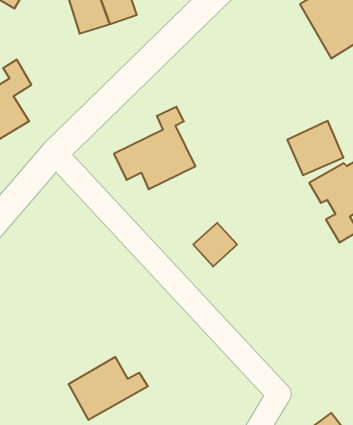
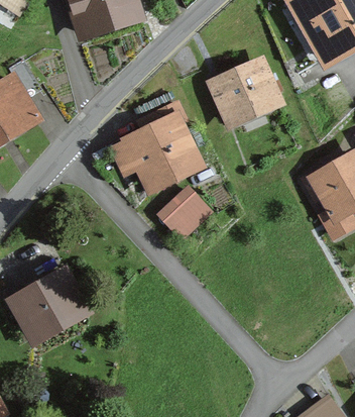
building: [287,121,344,175] -> [221,66,275,118]
building: [193,223,237,267] -> [160,192,203,234]
building: [68,357,148,420] -> [14,276,91,336]

